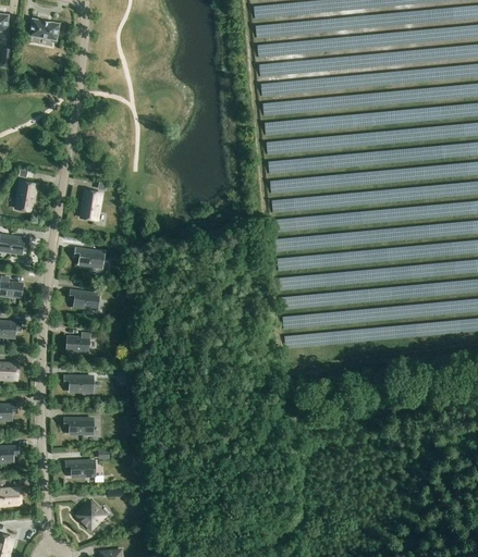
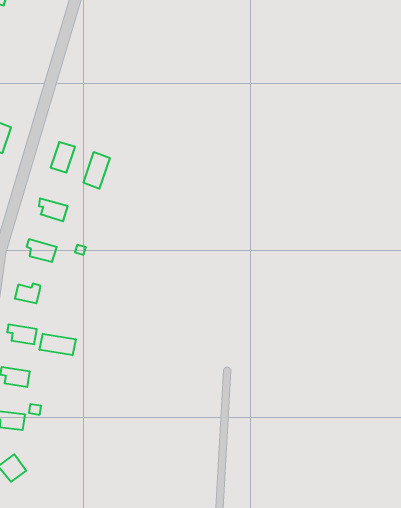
building: none -> [84,152,110,189]
building: none -> [40,334,76,355]

